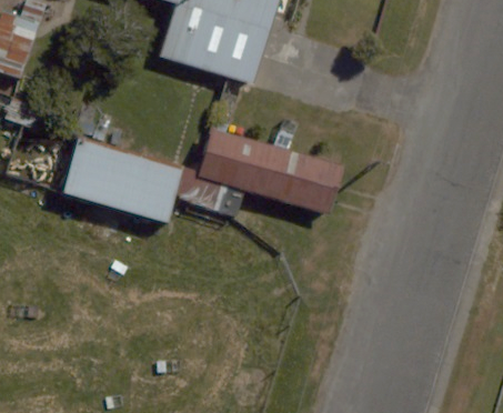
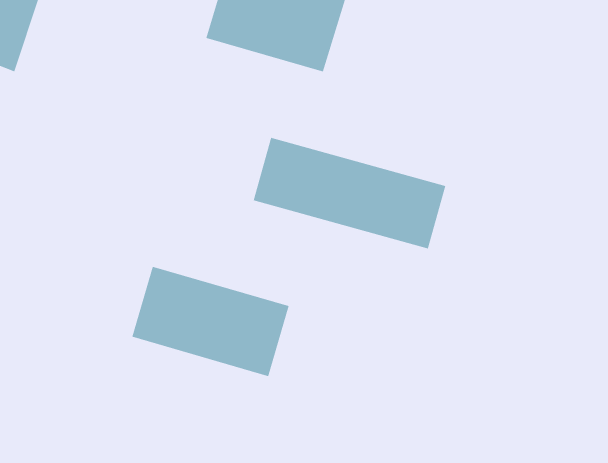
building: [63,139,182,222] -> [132,266,290,377]

